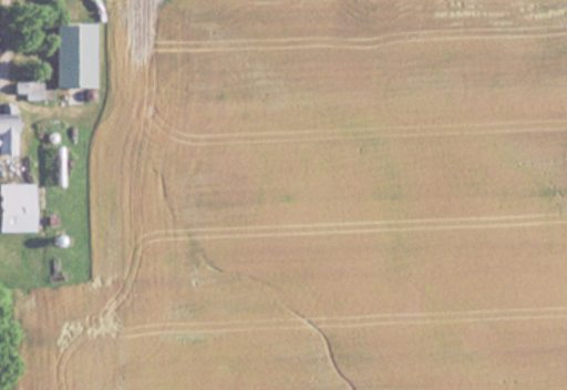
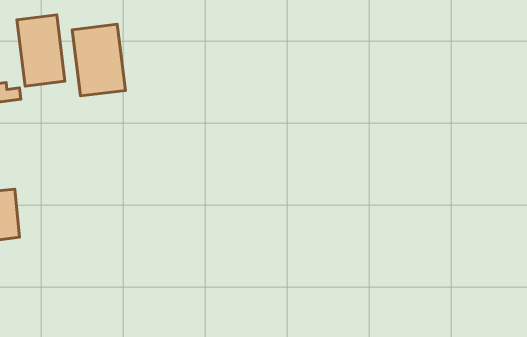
building: none -> [72,24,126,96]

